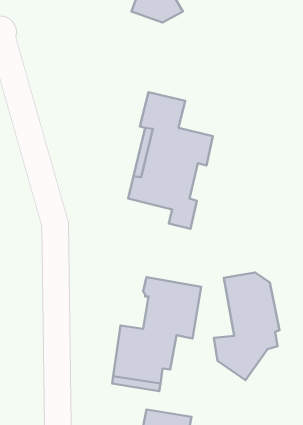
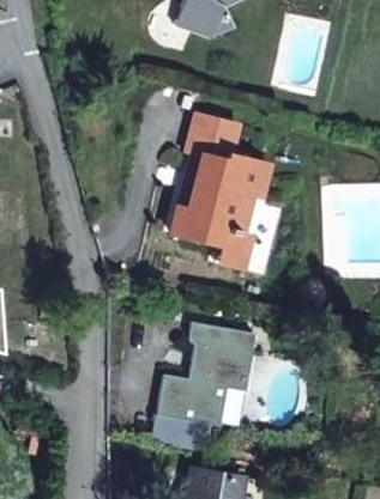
building: [214,272,279,380] -> none

